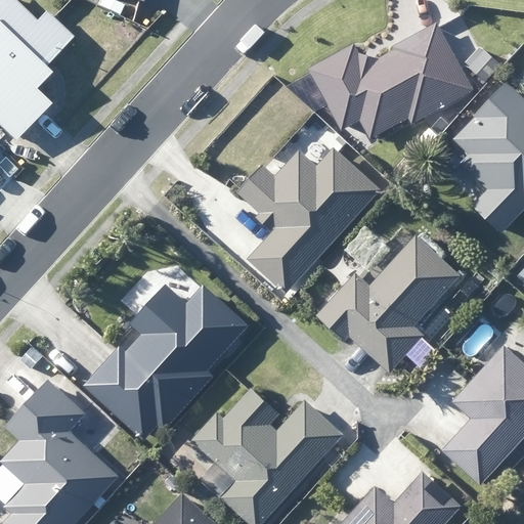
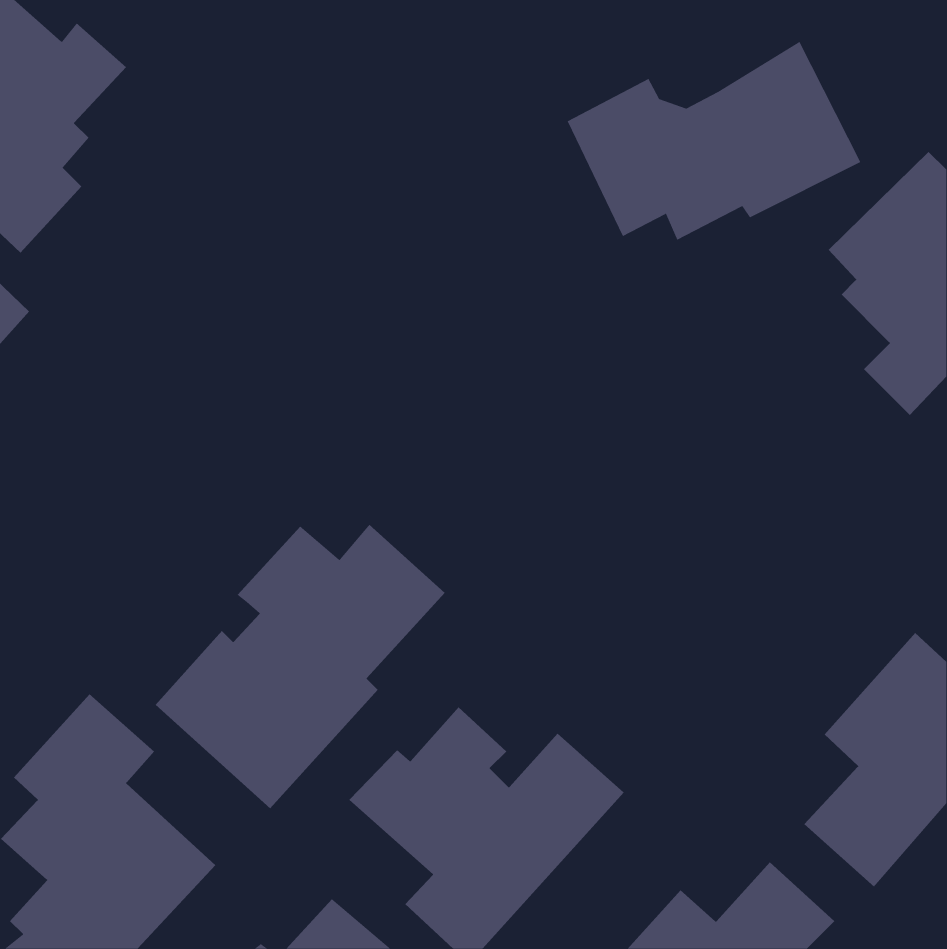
building: [234,150,380,293] -> none
building: [319,235,461,372] -> none

